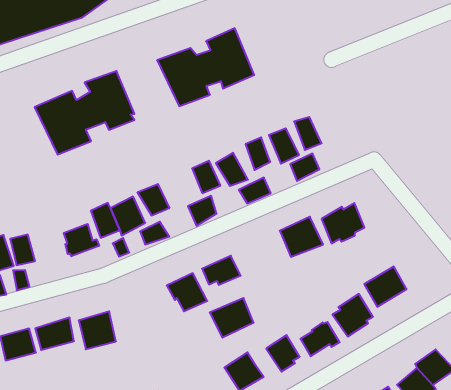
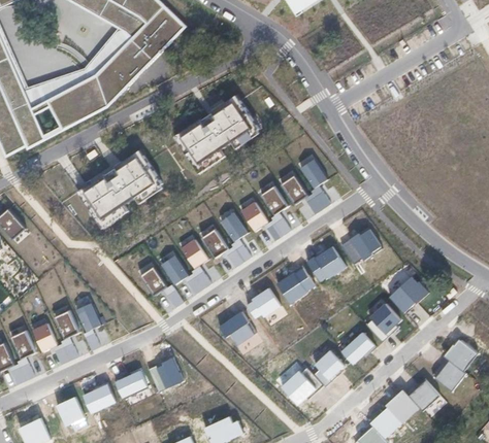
building: none -> [201,228,229,257]
building: [64,224,99,256] -> none
building: [210,298,254,338] -> [274,265,314,302]

